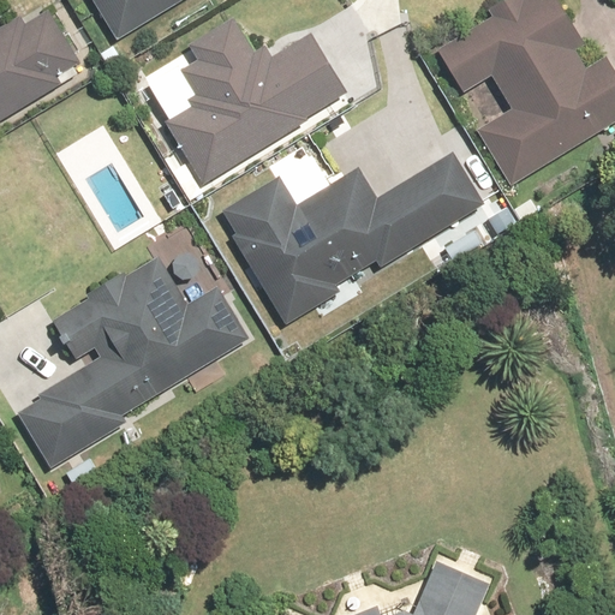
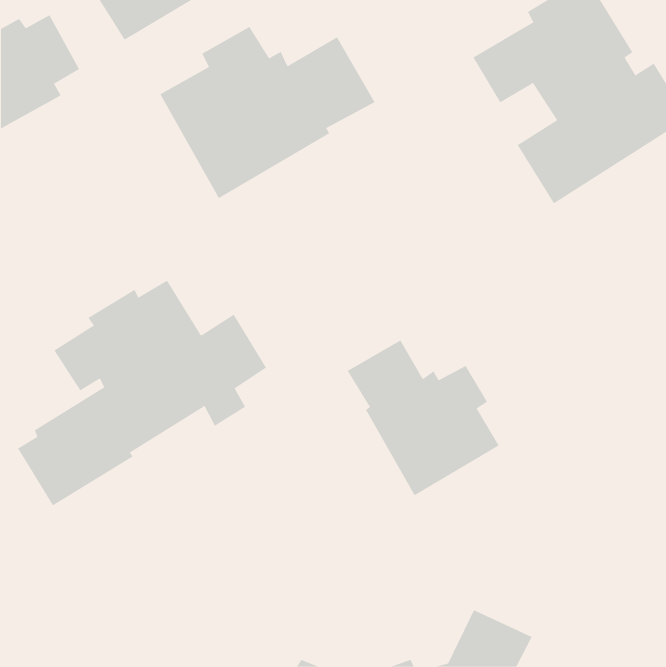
building: [223,157,484,323] -> none
building: none -> [347,340,500,496]

